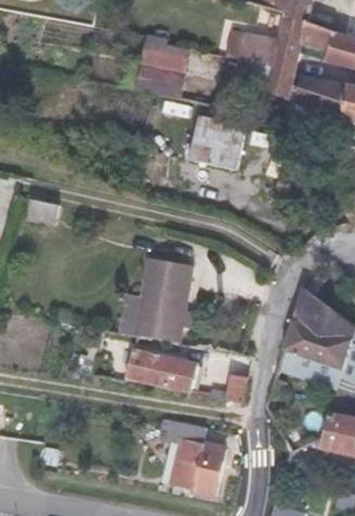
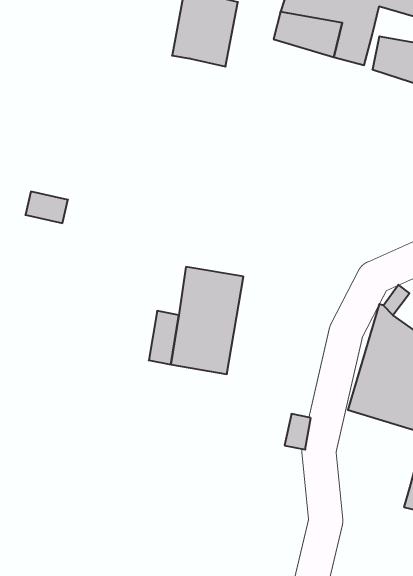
building: [189,115,246,166] -> none
building: [125,349,195,392] -> none
building: [159,420,225,495] -> none

